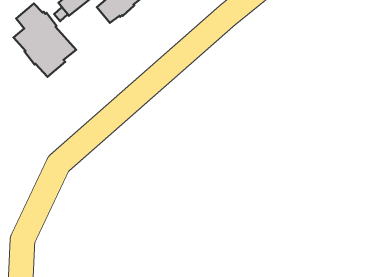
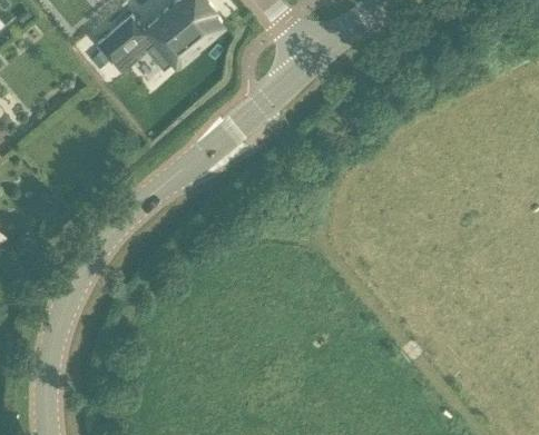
building: [14,4,76,77] -> none

